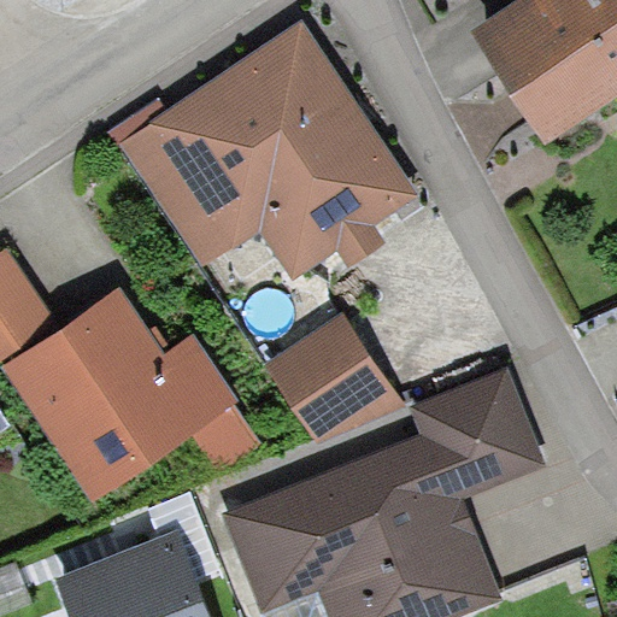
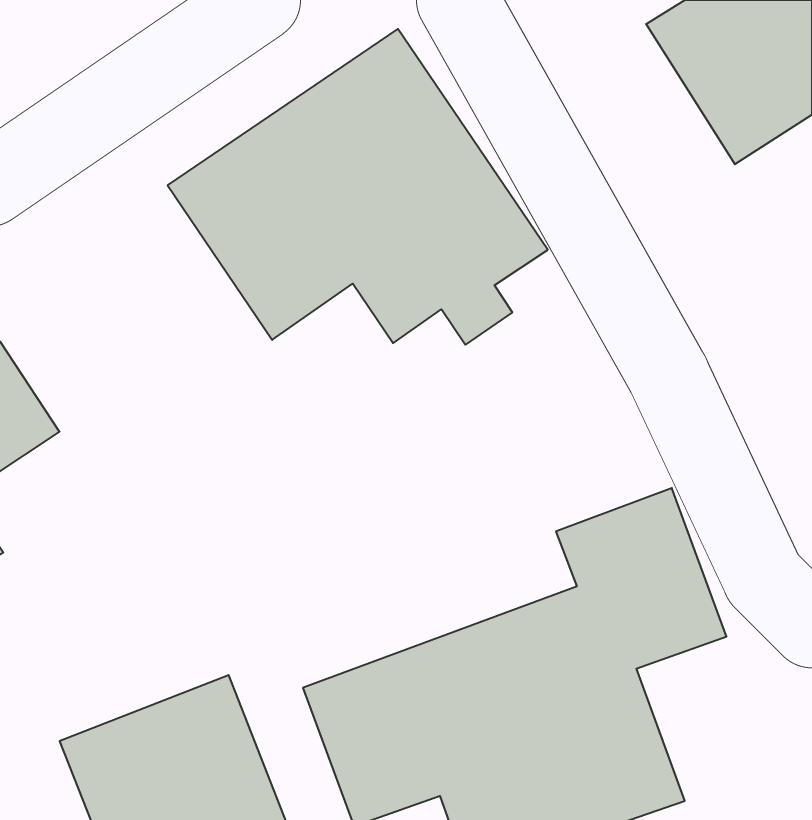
building: [8,296,247,487] -> none
building: [263,311,394,443] -> none

